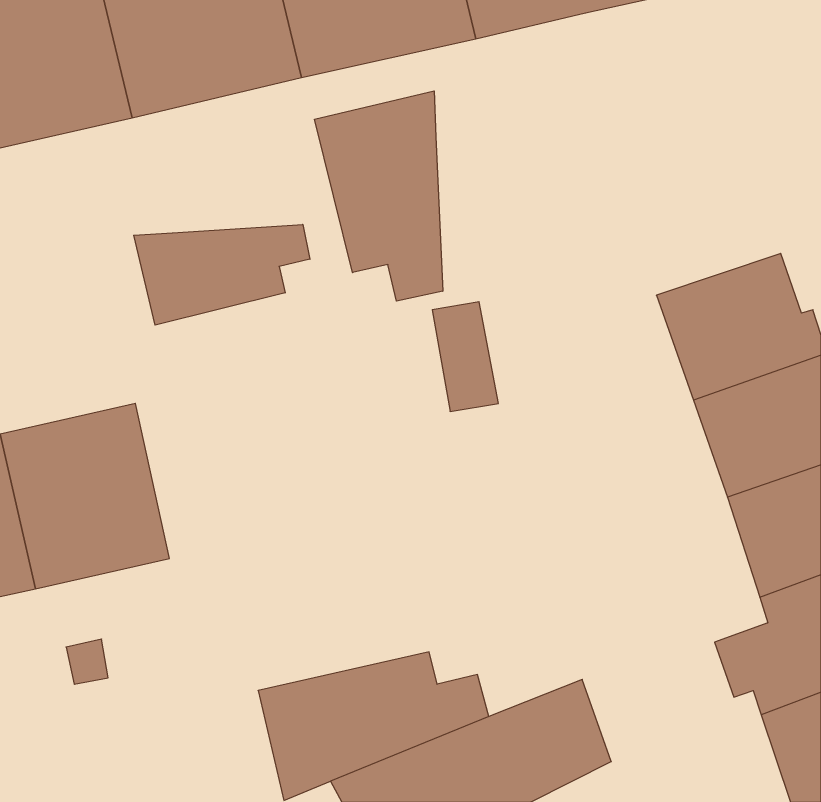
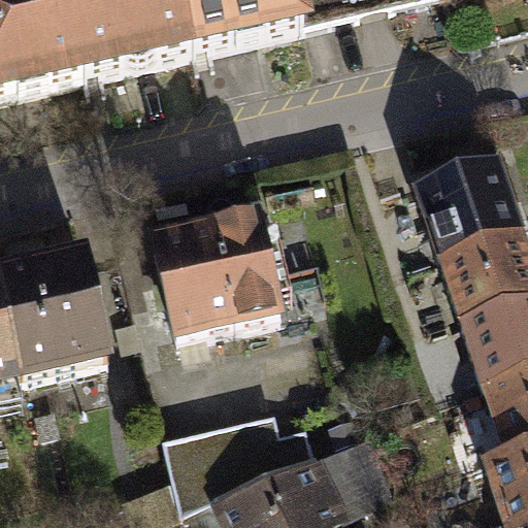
building: [315,91,443,301] -> none
building: [134,224,310,325] -> none
building: none -> [153,218,280,339]

